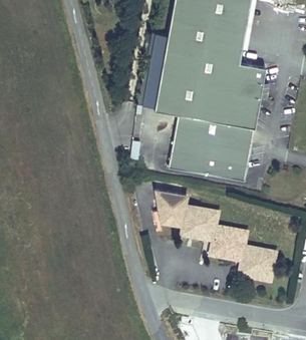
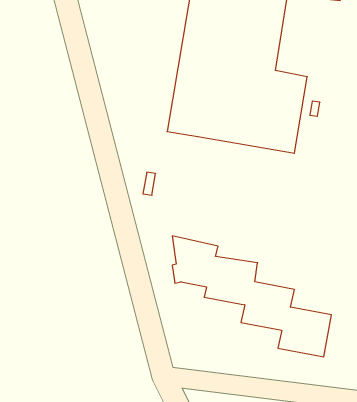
building: [165,108,250,176] -> none

